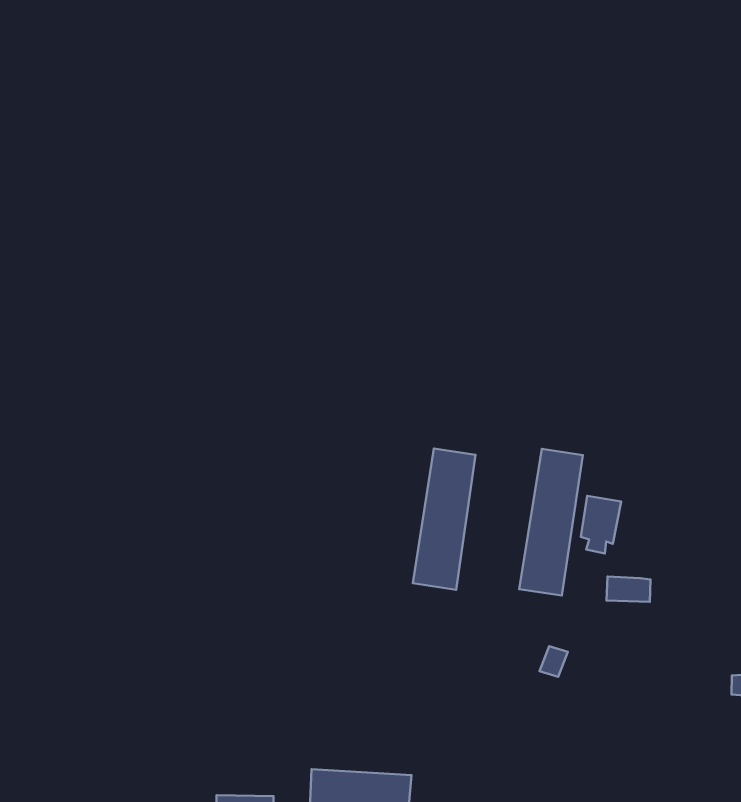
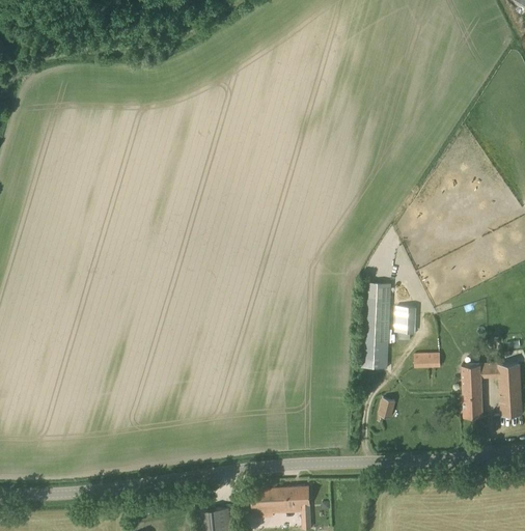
building: [413,448,475,590] -> none
building: none -> [462,365,482,418]

